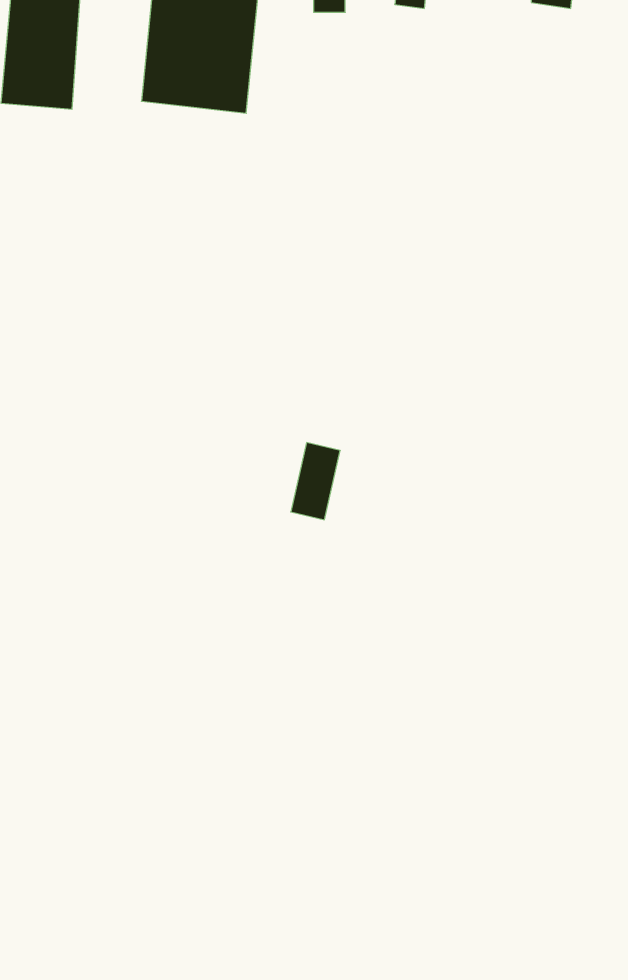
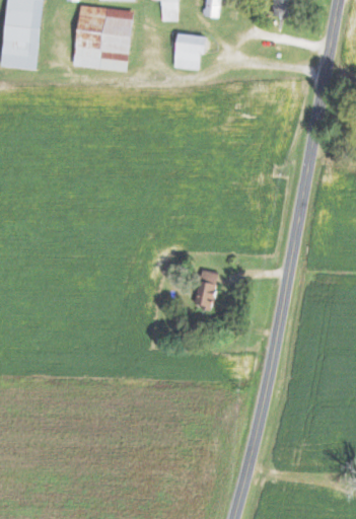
building: none -> [173,32,206,69]
building: [291,443,340,520] -> [194,268,219,307]

